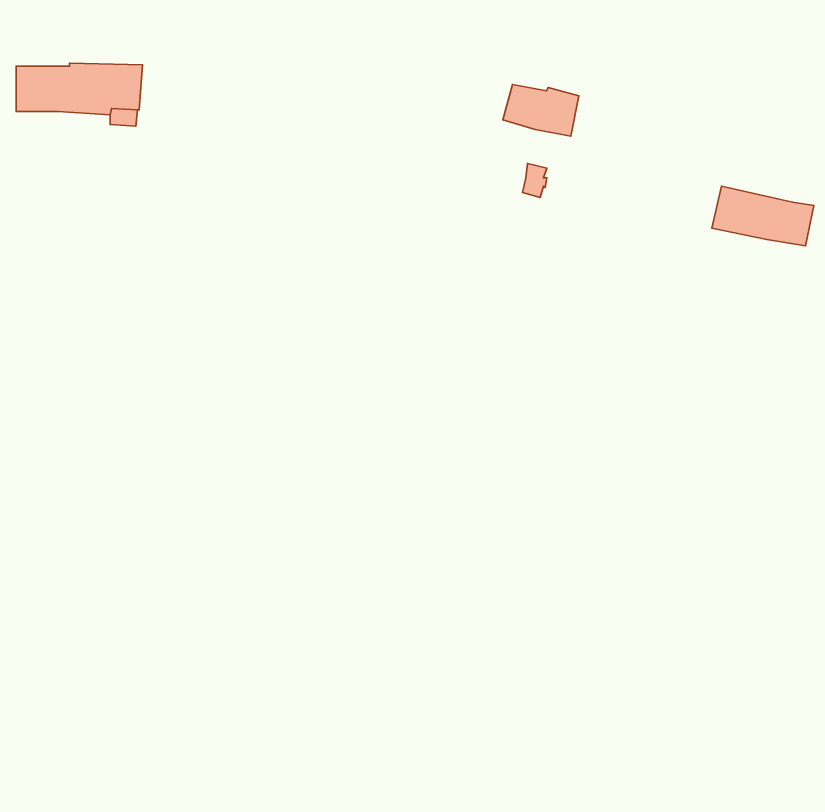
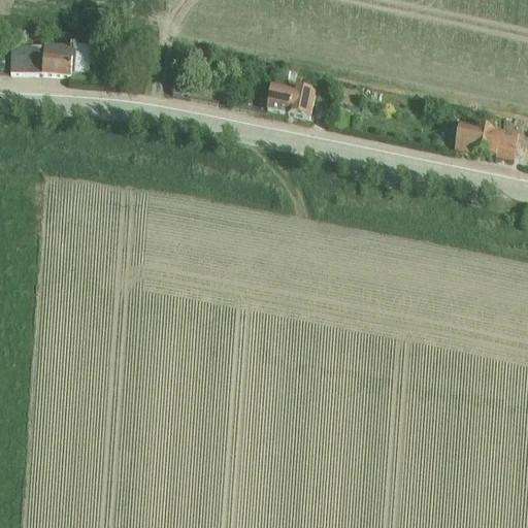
building: [503,84,579,136] -> [266,82,315,116]

